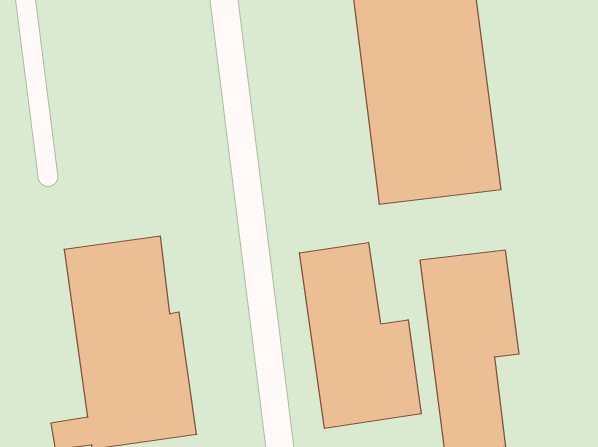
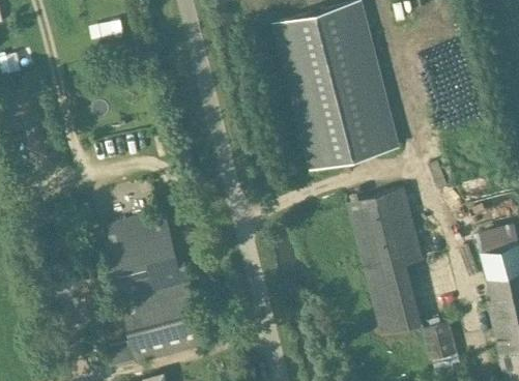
building: [299,242,421,428] -> none

